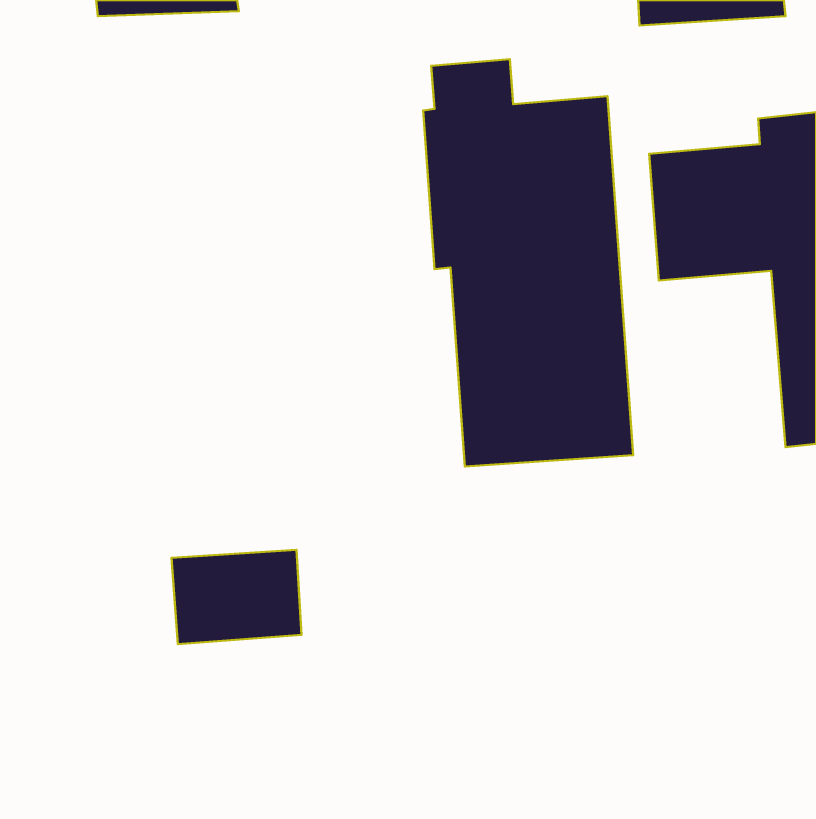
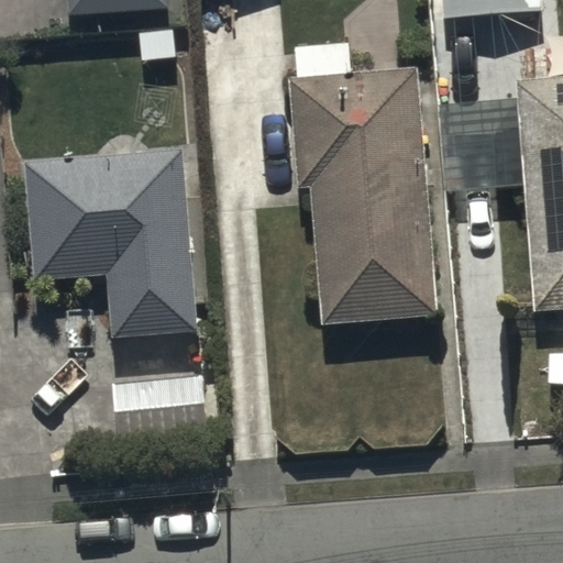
building: none -> [26,150,196,333]

